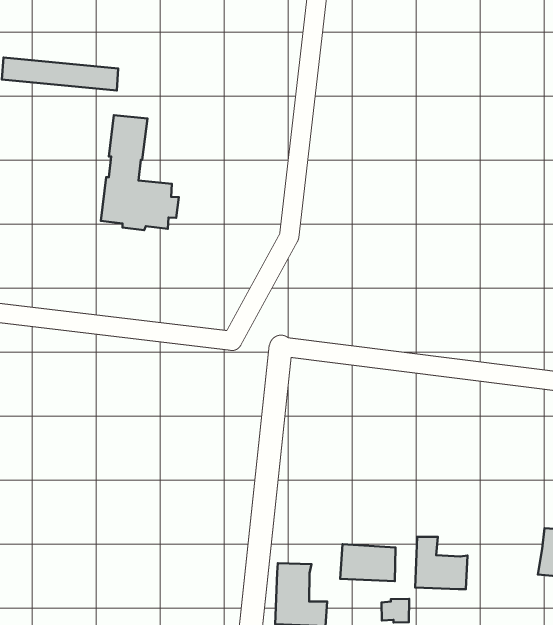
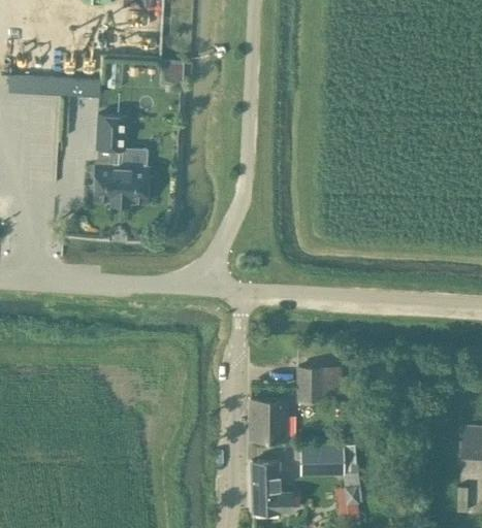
building: none -> [296,366,343,401]
building: none -> [251,401,286,440]
building: [415,537,468,589] -> none

